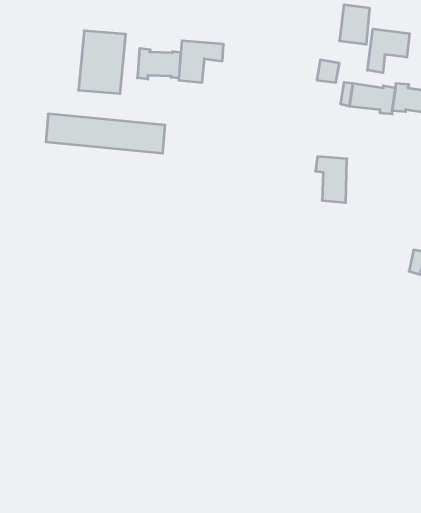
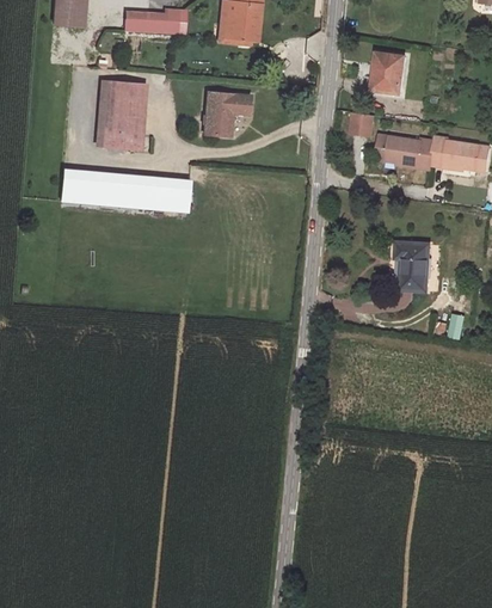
building: [367,29,410,73] -> none
building: [137,48,181,79] -> none
building: [315,157,347,203] -> [392,242,425,291]

